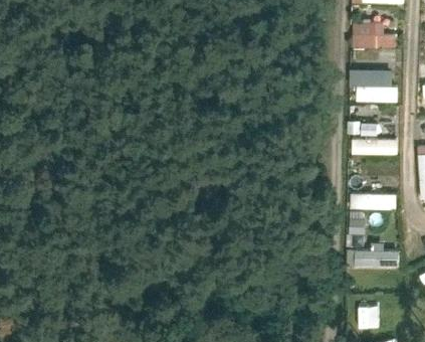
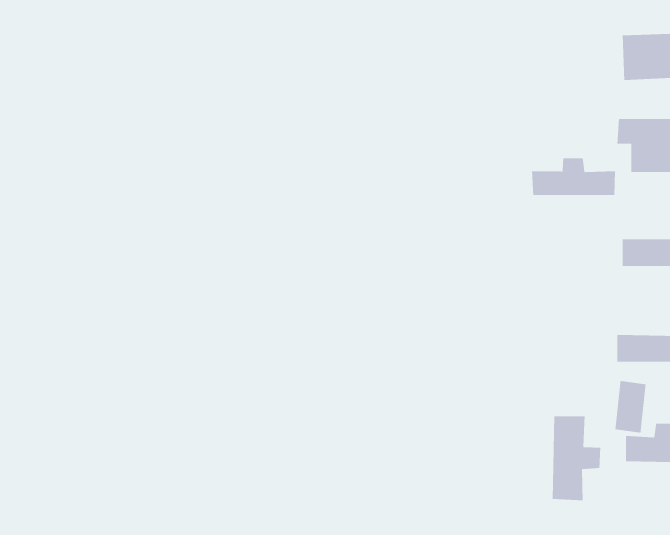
building: none -> [531,157,616,196]
building: none -> [552,415,601,501]

